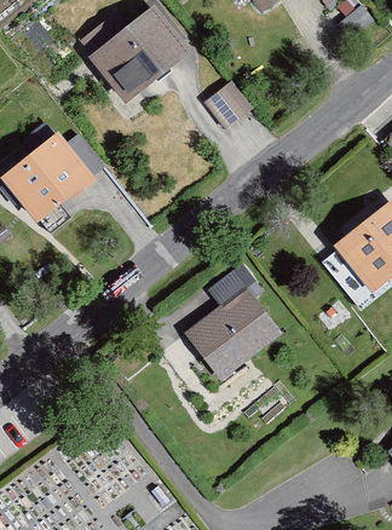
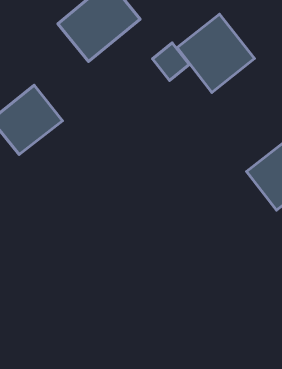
building: none -> [177,14,255,93]
building: [183,261,282,379] -> none

